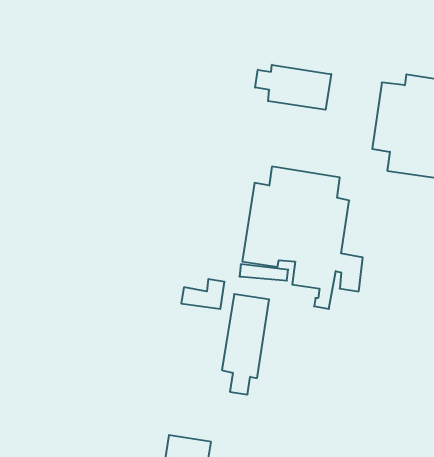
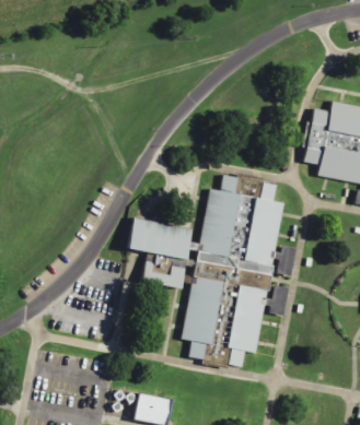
building: [255,65,331,110] -> none
building: none -> [128,219,193,261]
building: none -> [227,285,290,368]

